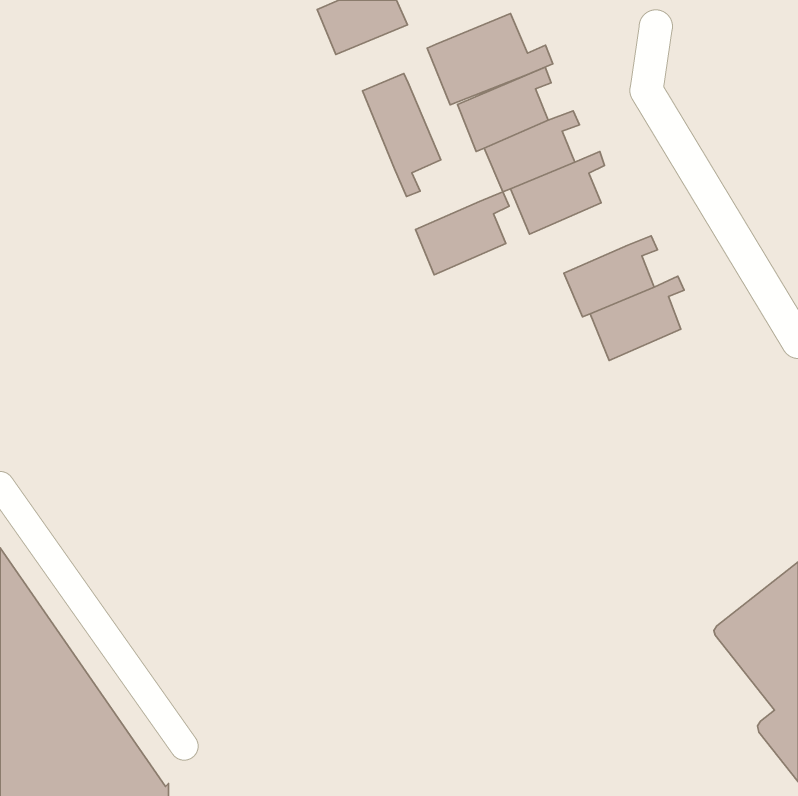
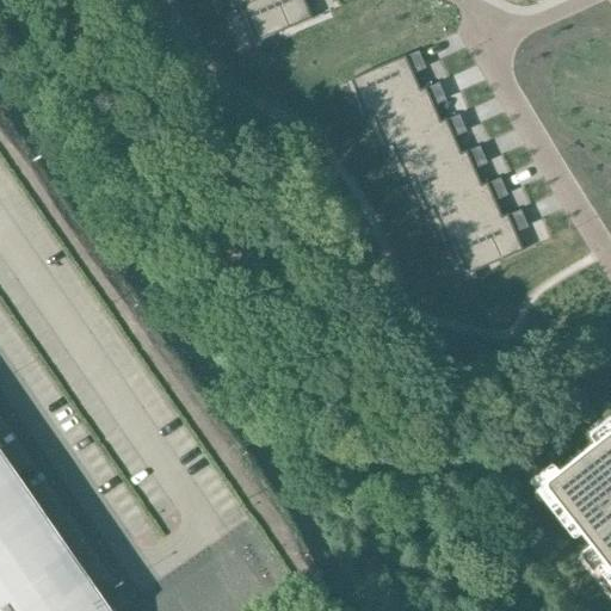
building: [427,13,553,105] -> none
building: [362,74,441,197] -> none
building: [415,192,509,275] -> [411,149,482,212]

